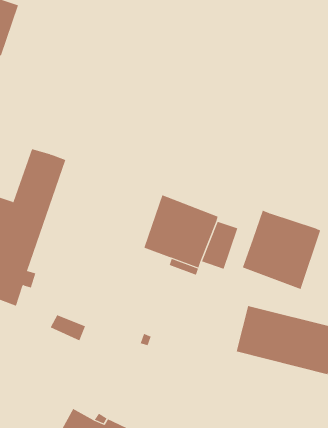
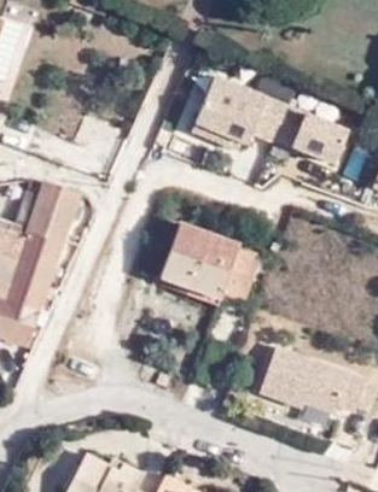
building: none -> [175,66,348,168]
building: [242,210,321,290] -> none

